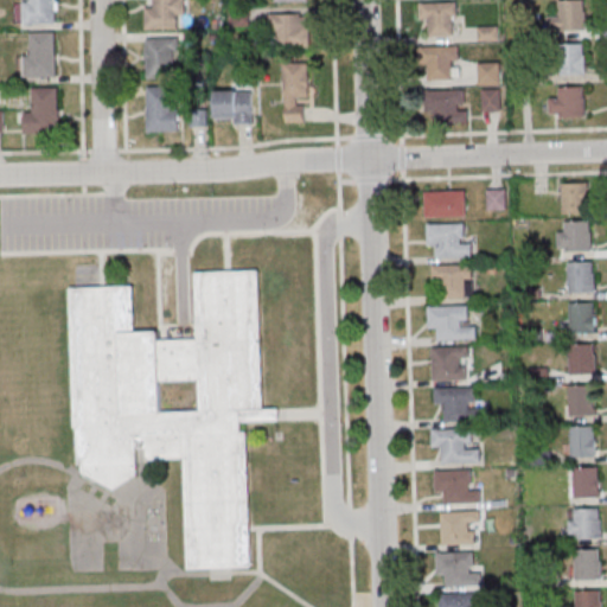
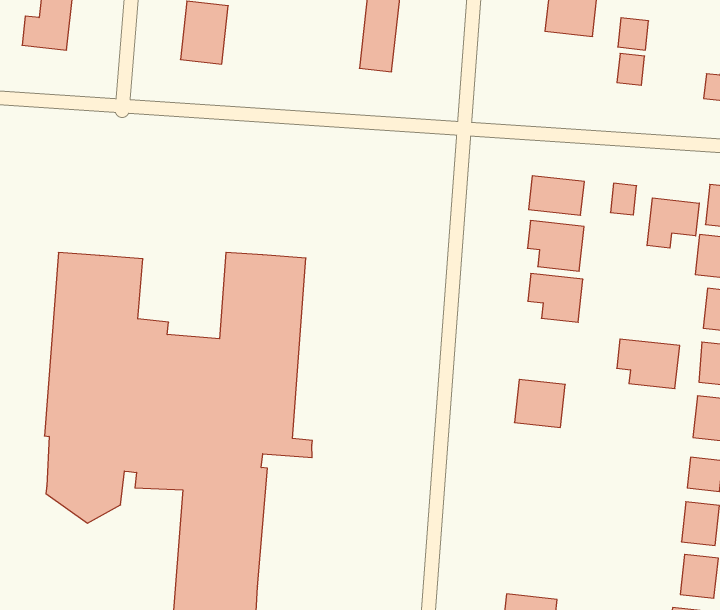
building: [424,89,466,122] -> none
building: [213,90,251,123] -> none
building: none -> [647,198,699,248]
building: [427,306,473,339] -> [617,339,680,389]
building: [434,386,484,421] -> none
building: [430,429,479,464] -> none
building: [433,469,480,504] -> none

